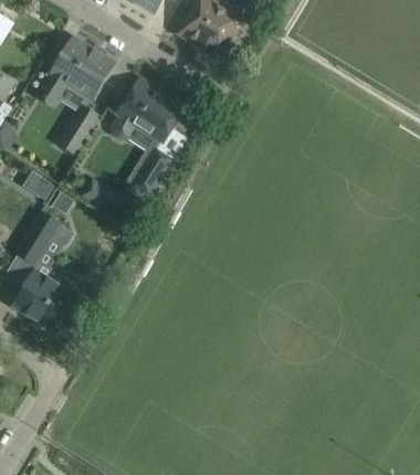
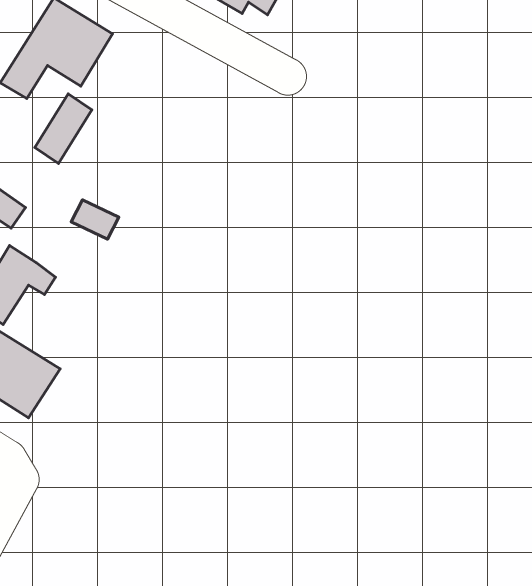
building: [111,77,181,141] -> none
building: [133,147,172,192] -> none

